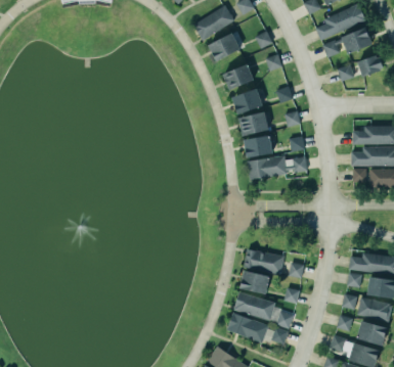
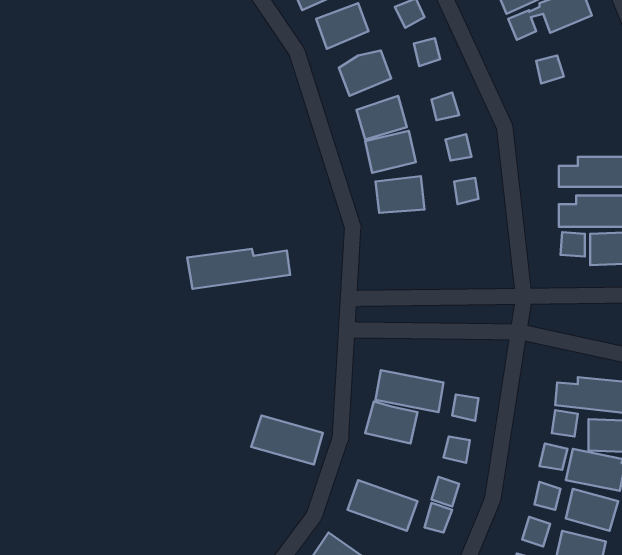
building: [357,55,384,78] -> none
building: [247,156,307,180] -> [187,249,290,289]
building: [233,292,275,321] -> [251,415,323,464]

